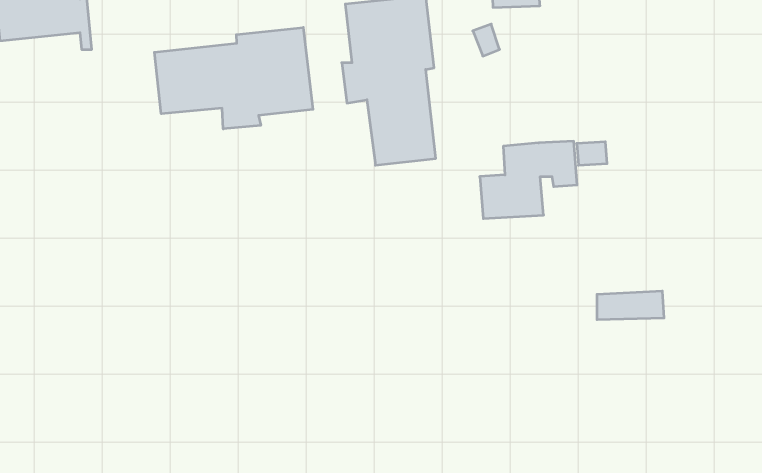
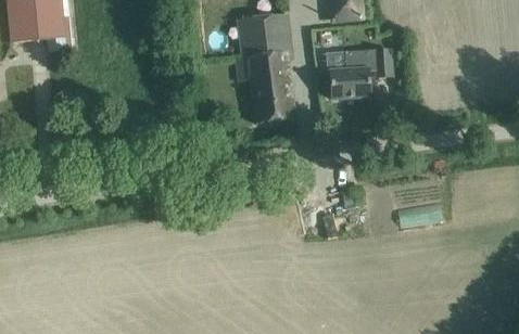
building: [154,27,313,129] -> none
building: [480,141,577,219] -> [328,47,391,97]

